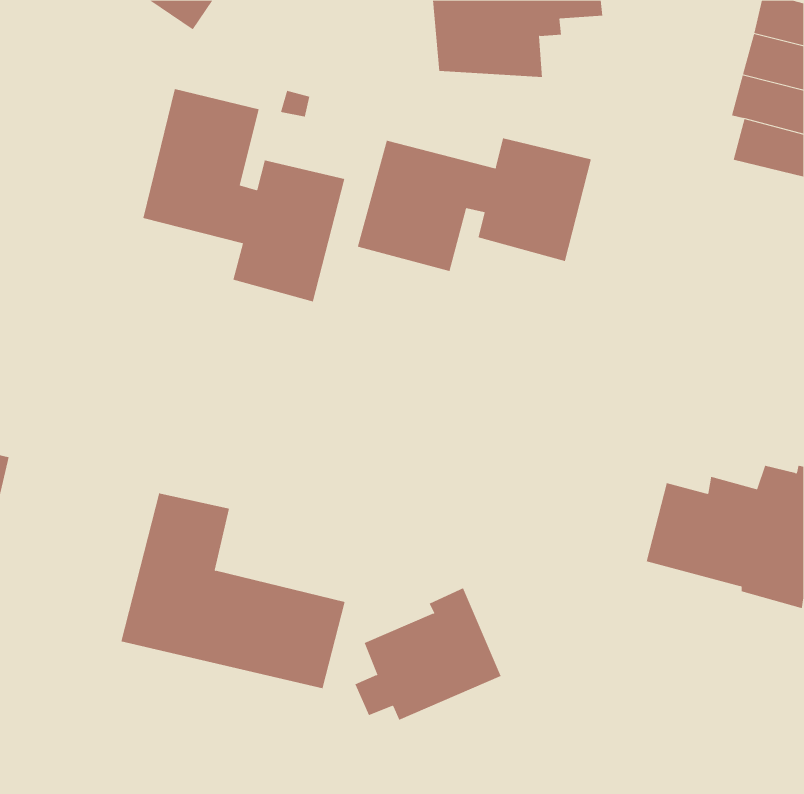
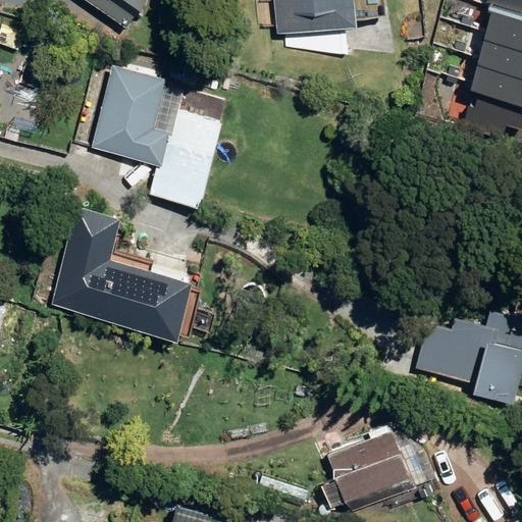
building: [357,137,592,272] -> none
building: [121,493,345,689] -> [50,209,195,335]
building: [354,588,502,721] -> [323,422,418,508]

